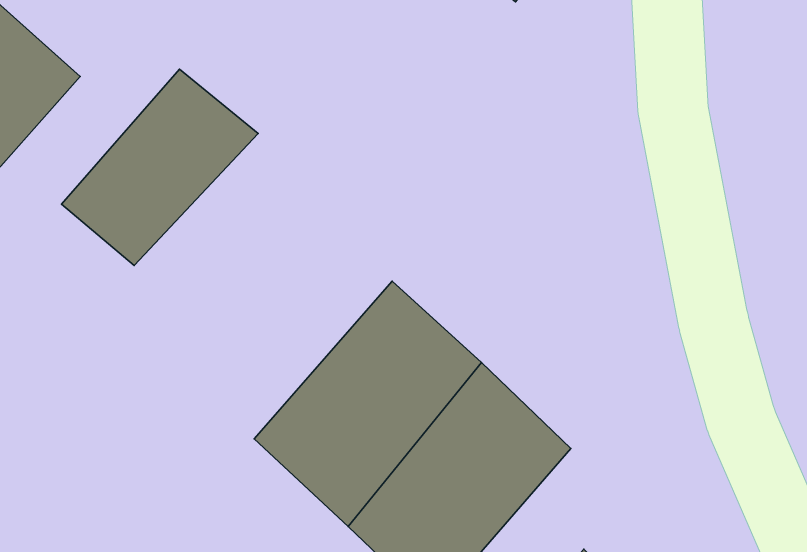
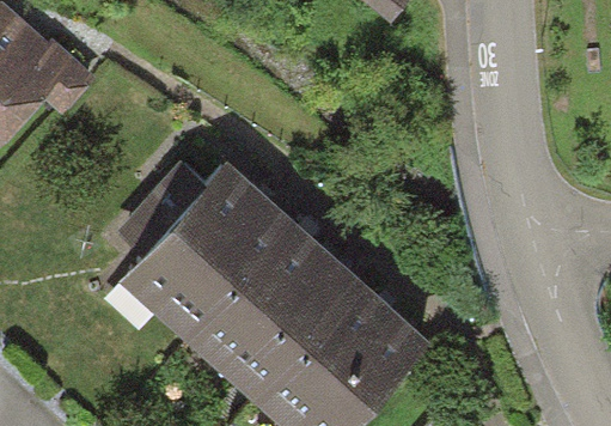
building: [61,69,258,265] -> none
building: none -> [130,165,293,339]

